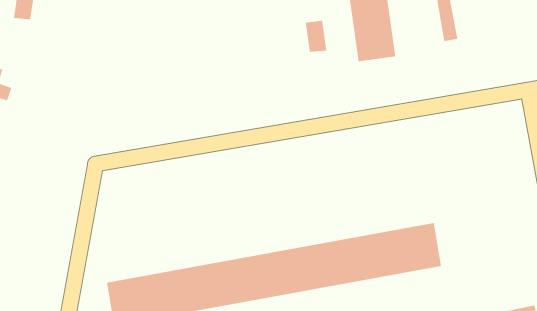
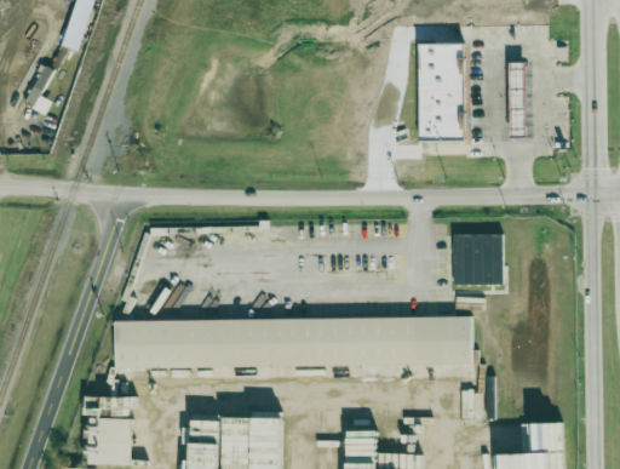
building: [305,20,327,52] -> none
building: none -> [449,239,503,288]

